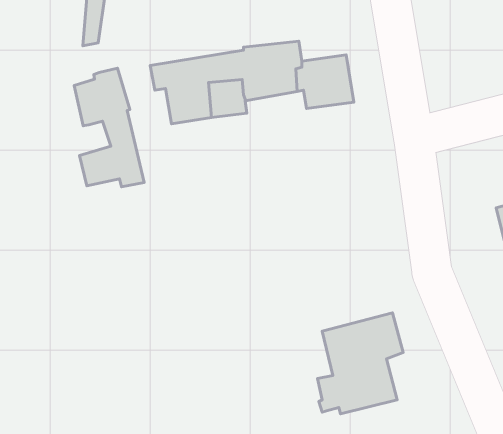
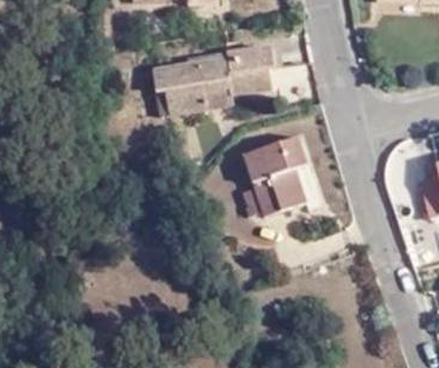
building: [74,68,144,187] -> none
building: [317,313,403,414] -> [241,137,307,215]

